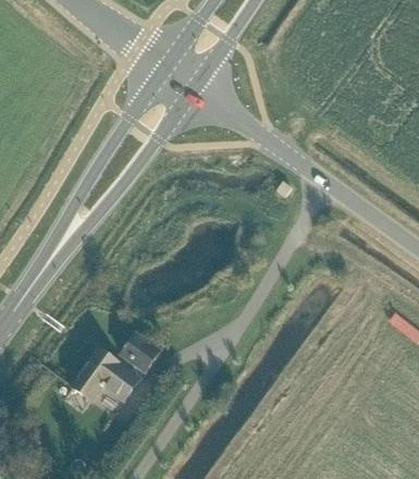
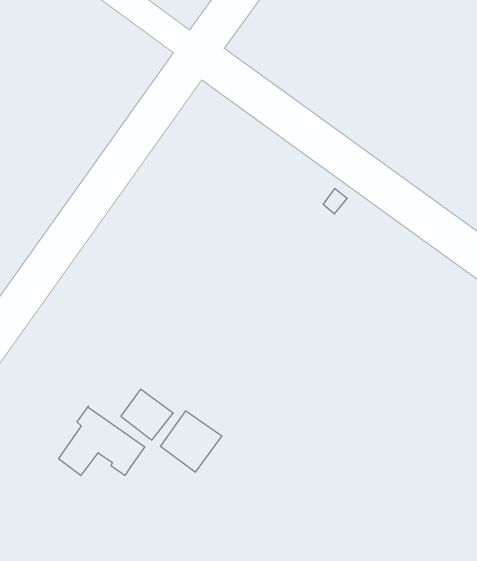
building: none -> [161,411,222,472]

